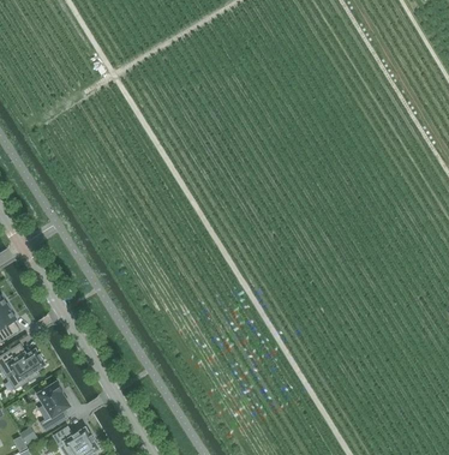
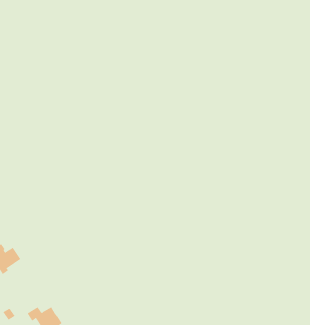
building: [36,382,67,431] -> none

